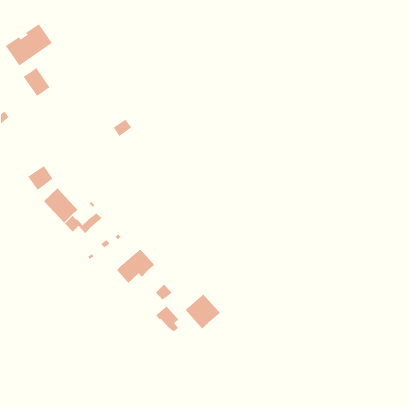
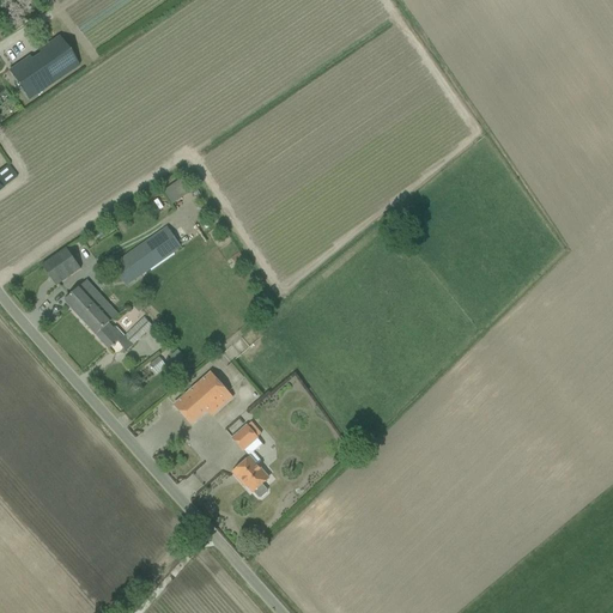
building: [23,67,51,97] -> none
building: none -> [111,225,181,285]
building: [185,293,221,329] -> none

